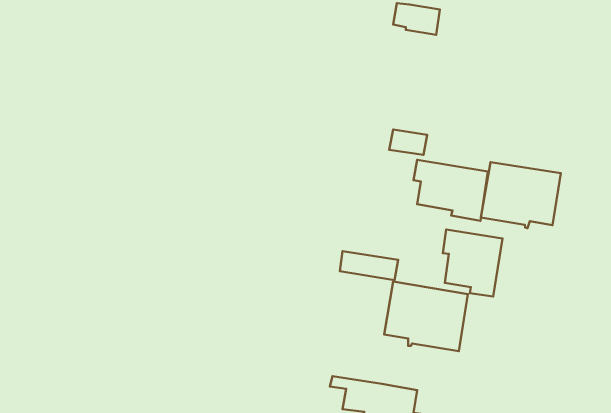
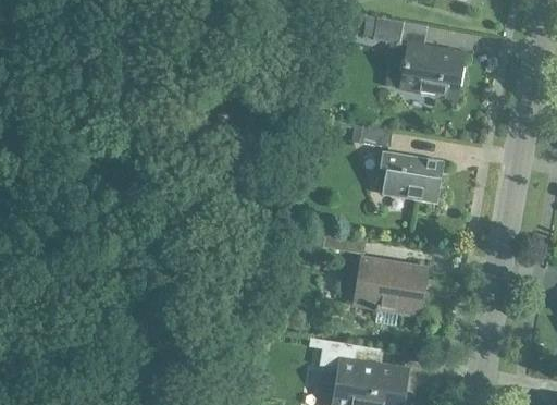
building: none -> [400,46,463,99]
building: [481,162,561,228] -> none
building: [443,229,502,297] -> none

